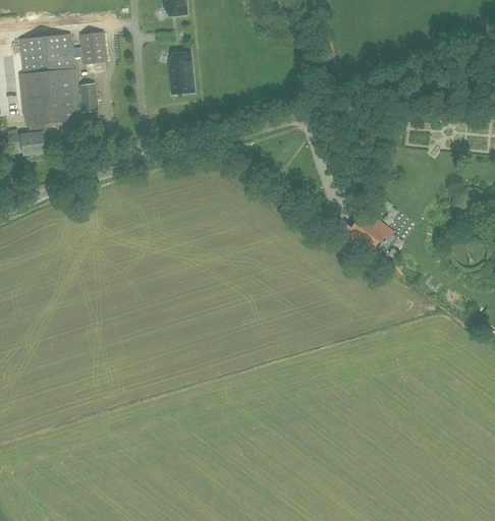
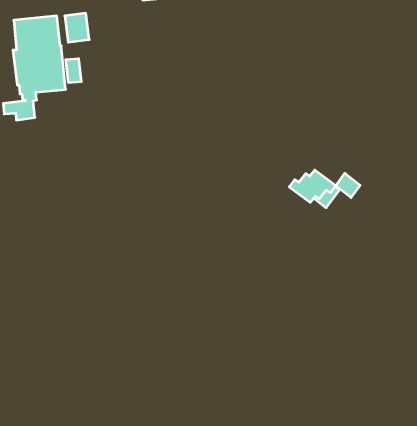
building: [169,51,192,93] -> none
building: none -> [336,173,360,198]

